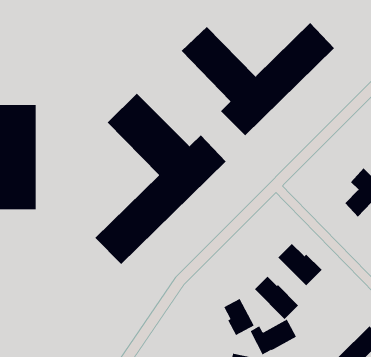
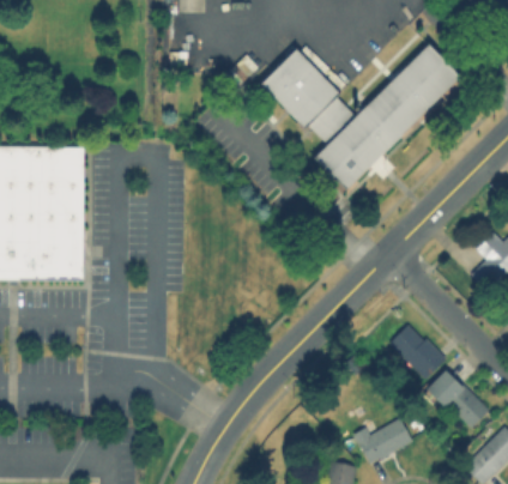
building: [94,93,227,265] -> none
building: [254,276,299,320] -> [431,370,488,425]
building: [223,298,255,336] -> none

